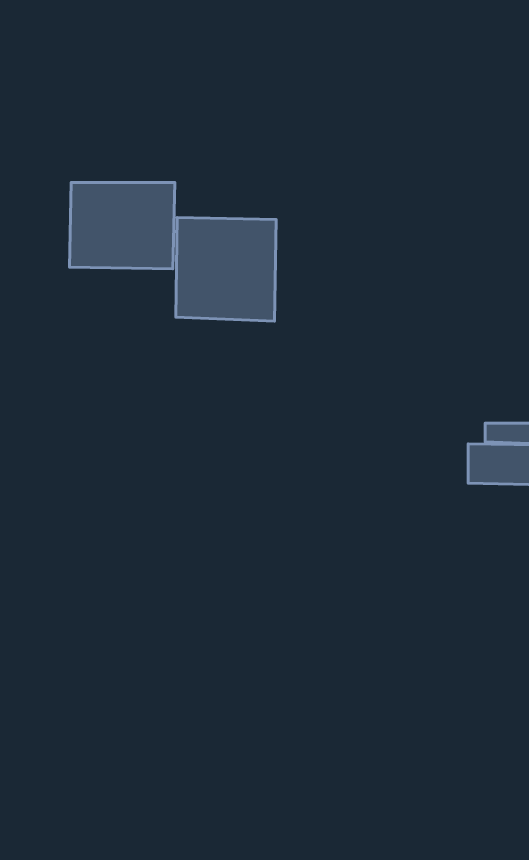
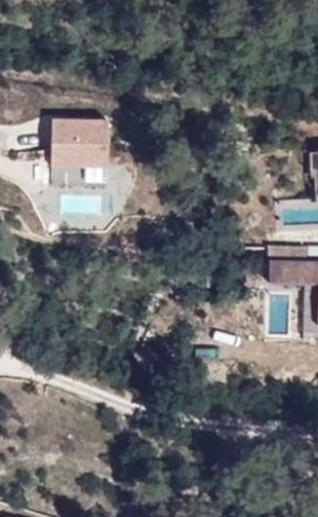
building: [176,218,276,321] -> none

